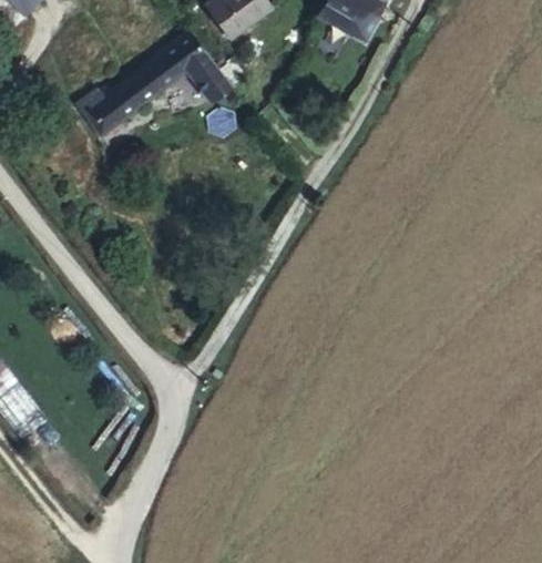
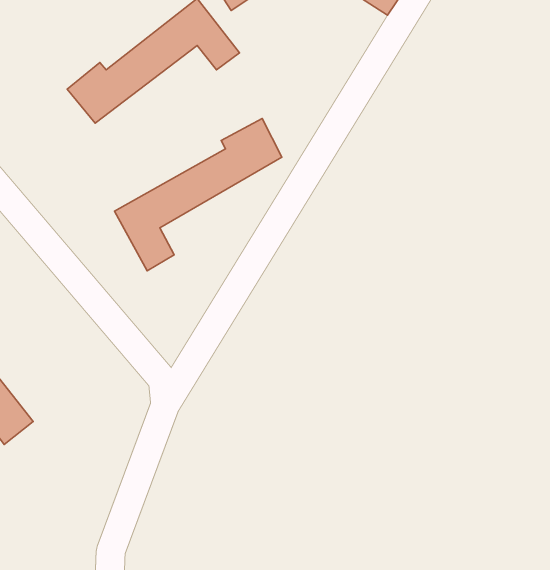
building: none -> [115,118,282,271]

